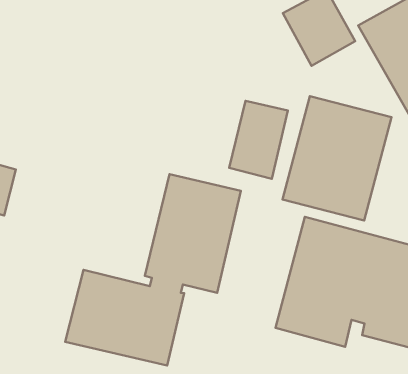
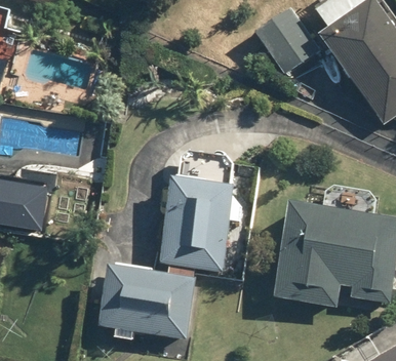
building: [282,96,391,220] -> none
building: [229,101,288,179] -> none

